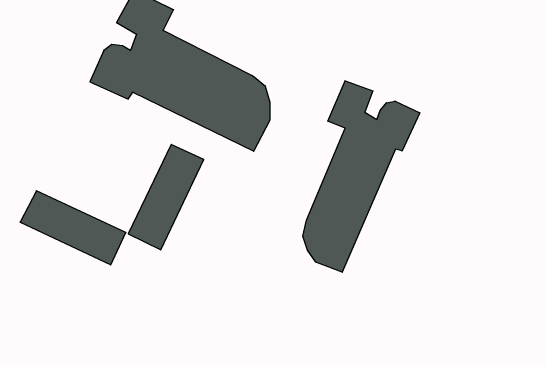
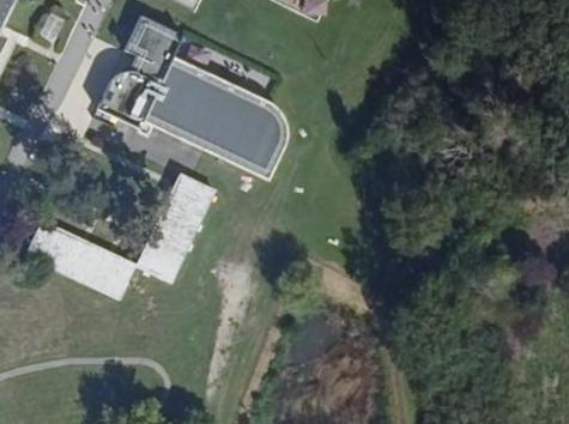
building: [303,81,420,272] -> none

